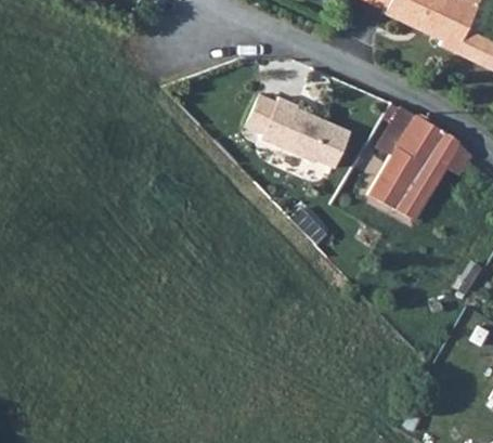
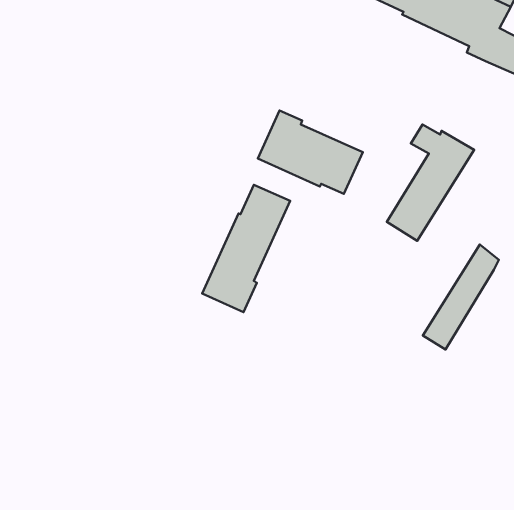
building: [398,130,463,220] -> [423,245,499,350]
building: none -> [202,185,290,312]

